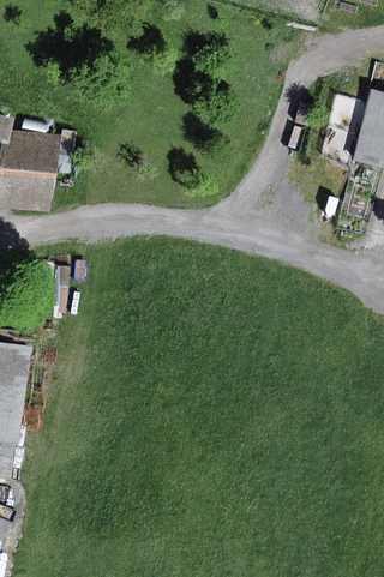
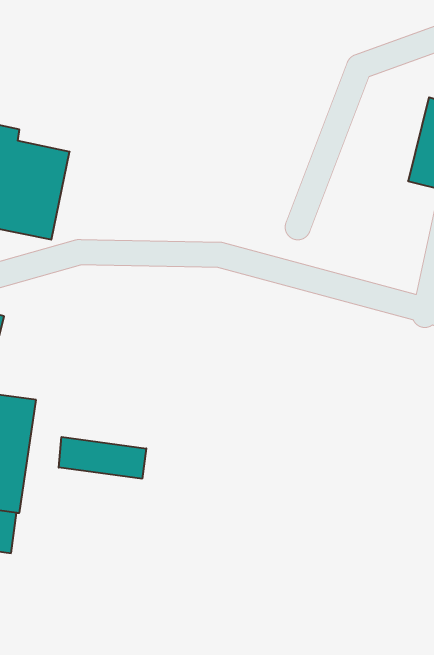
building: none -> [59,437,146,479]

